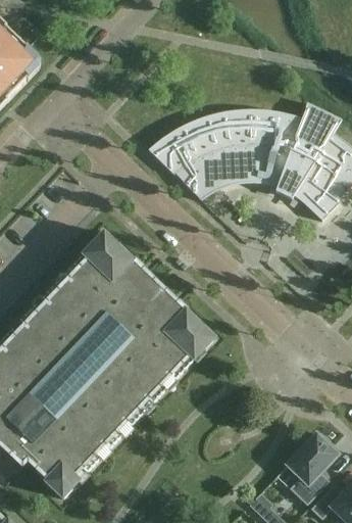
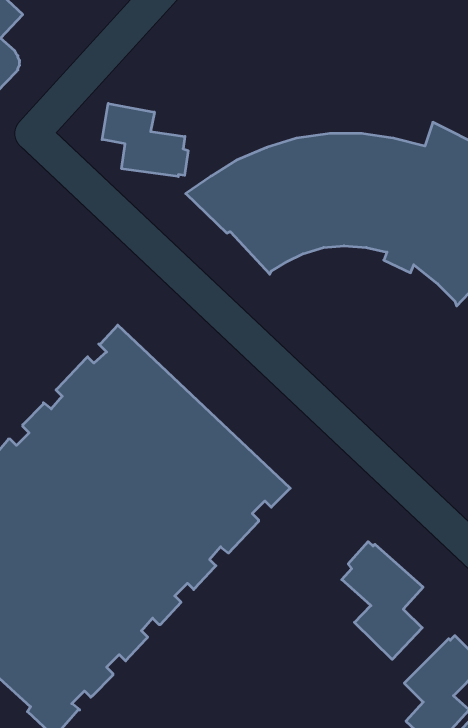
building: none -> [102,103,188,177]
building: none -> [342,542,423,659]

